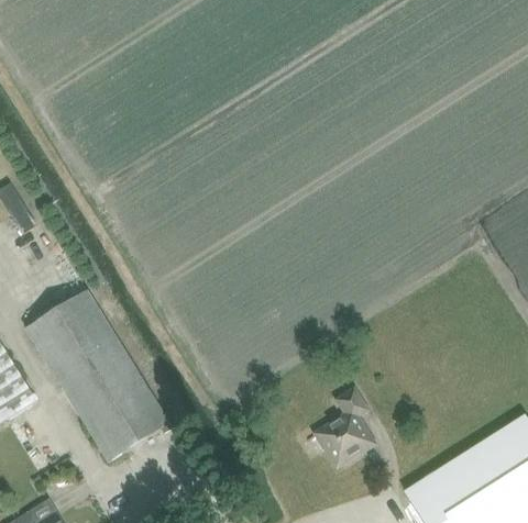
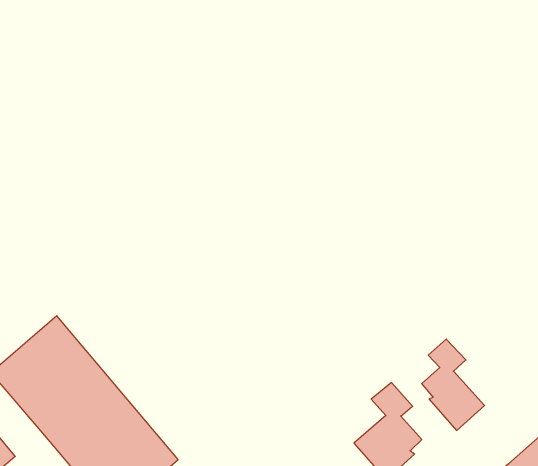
building: none -> [422,339,485,430]

